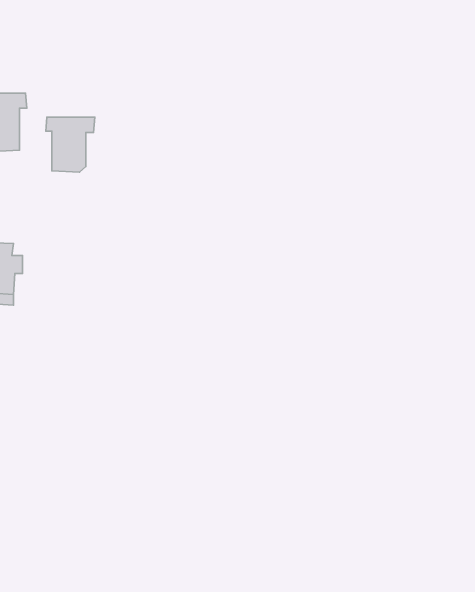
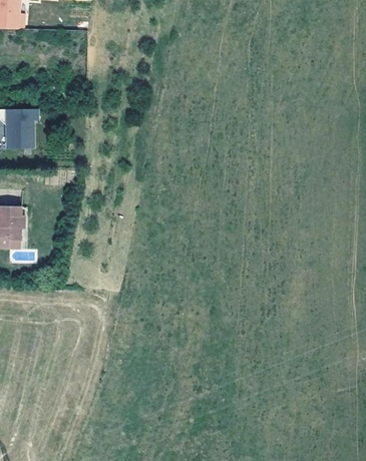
building: [46,117,95,172] -> none

